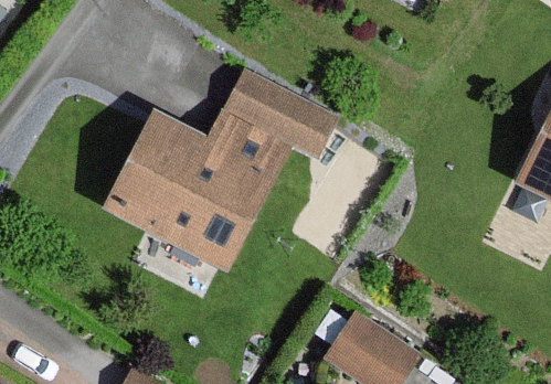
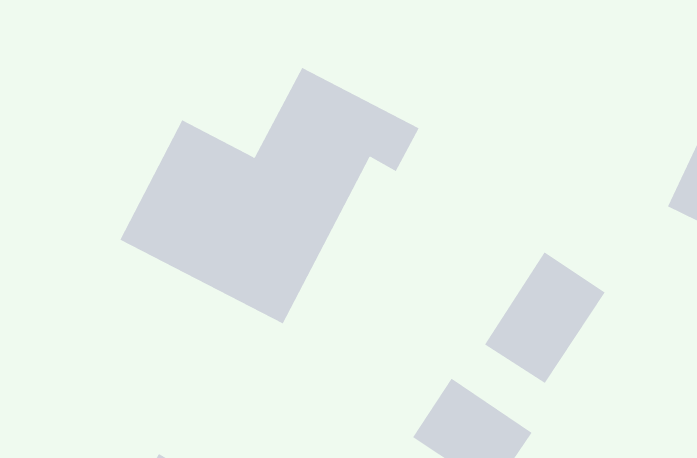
building: none -> [484,252,605,384]

